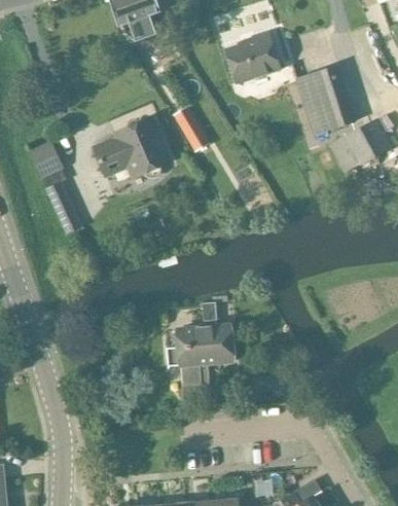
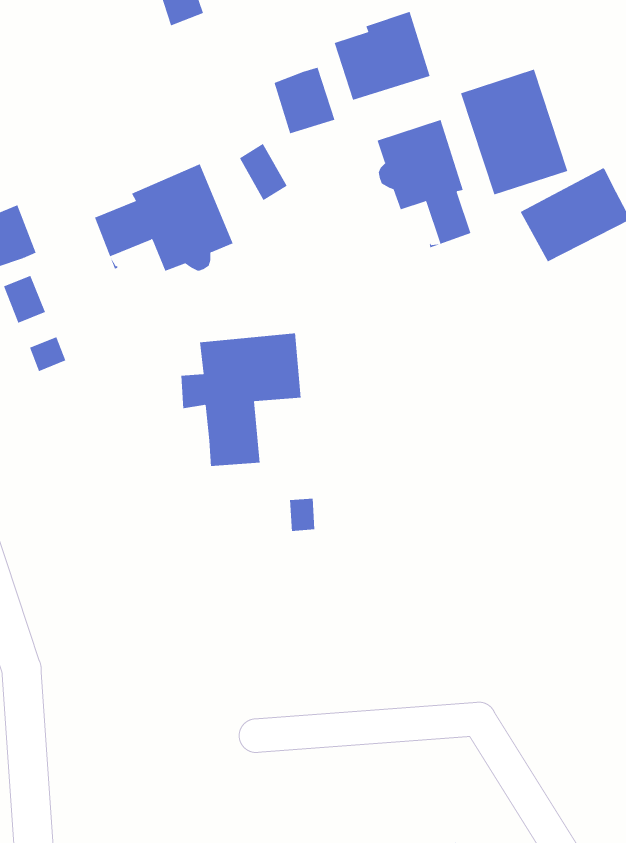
building: none -> [274,67,335,134]
building: none -> [377,119,471,248]
building: [166,324,232,398] -> [181,333,301,467]

